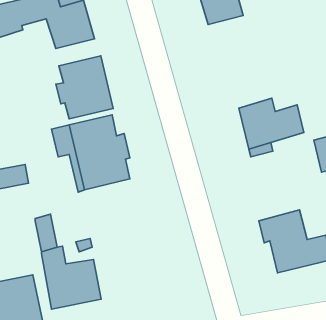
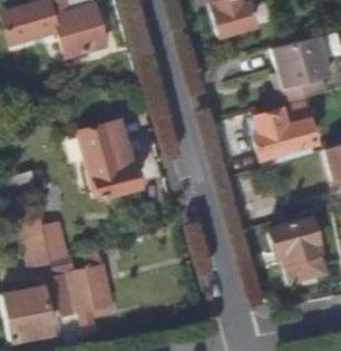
building: none -> [265,32,330,105]
building: [56,56,113,119] -> none
building: none -> [20,217,51,266]

